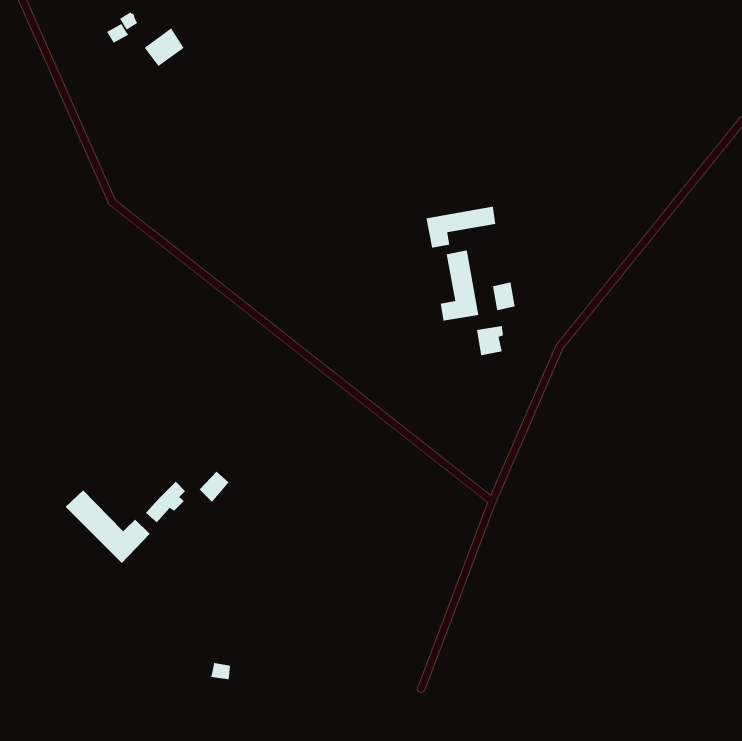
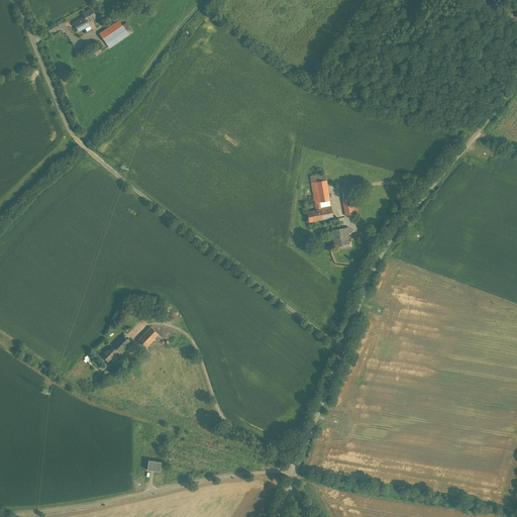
building: [426,206,496,249] -> none
building: [65,490,151,564] -> none

